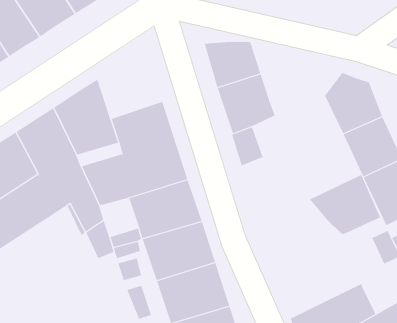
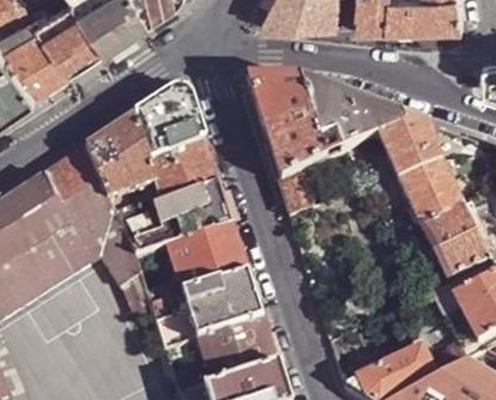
building: none -> [297,84,395,157]
building: none -> [131,90,201,166]
building: [309,174,381,235] -> none

